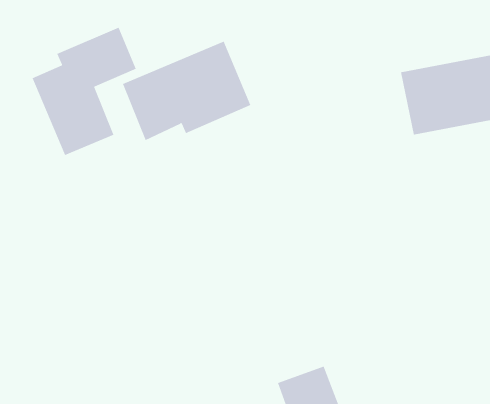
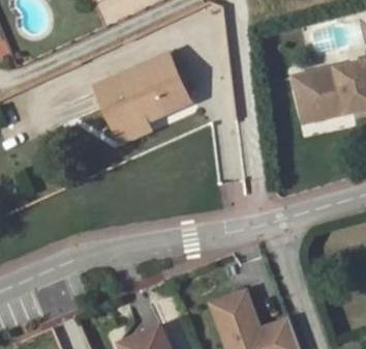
building: [32,27,137,156] -> none

